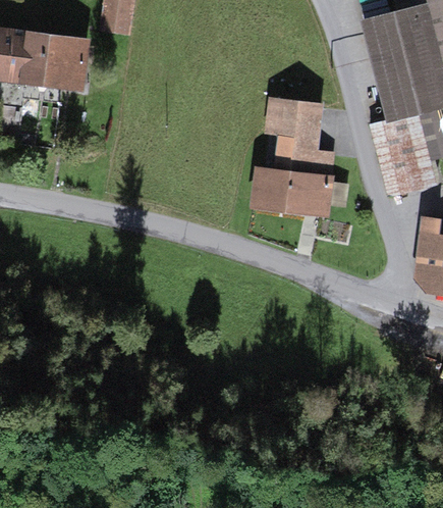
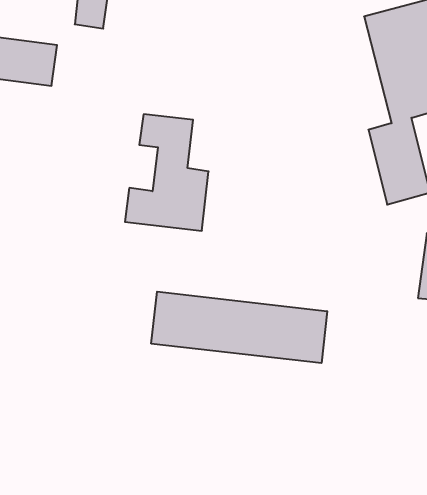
building: [255,101,332,209] -> [125,114,209,231]
building: none -> [151,292,327,363]

